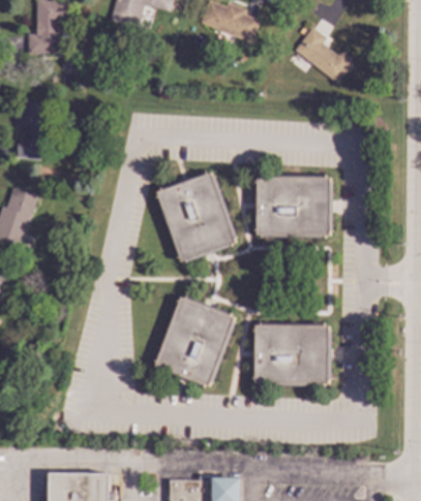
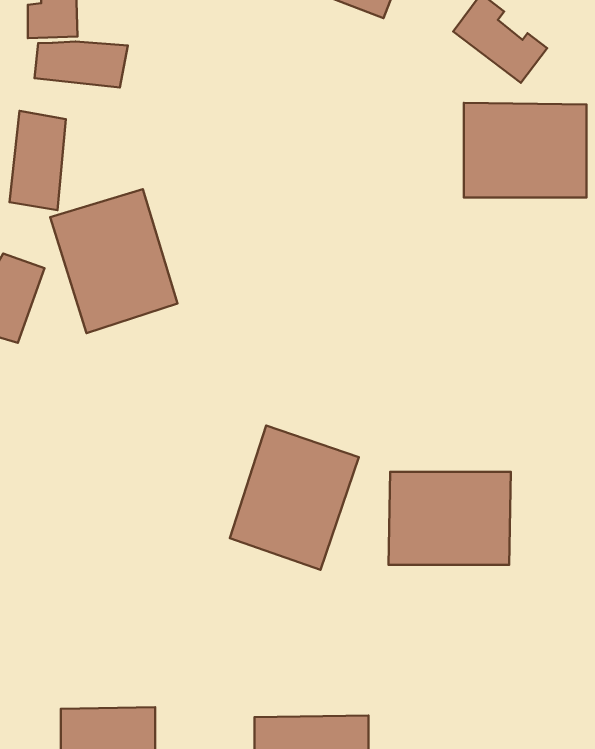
building: none -> [34,42,128,87]
building: [155,174,235,263] -> [50,189,178,333]
building: [255,177,332,236] -> [464,103,586,197]

